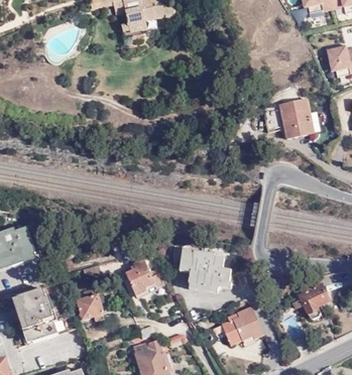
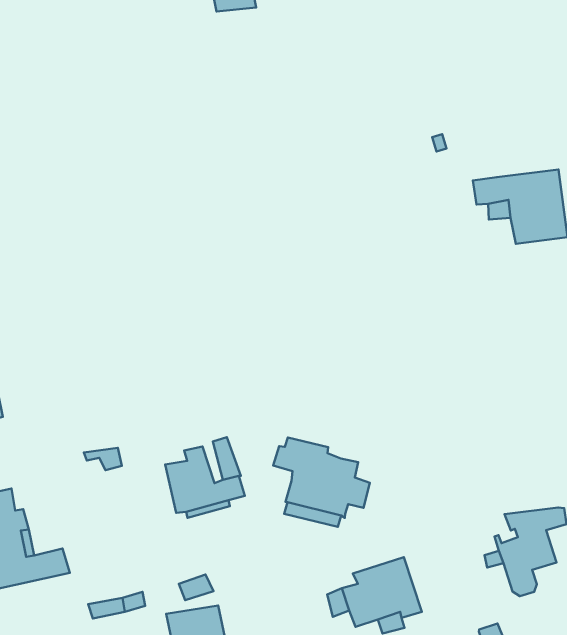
building: [76,292,106,319] -> none

